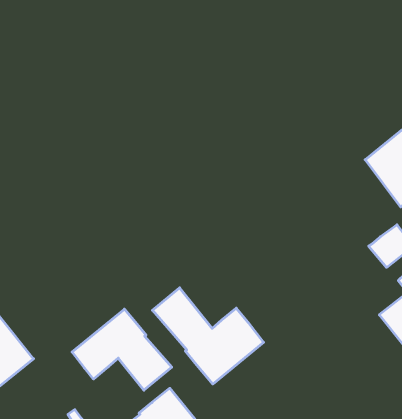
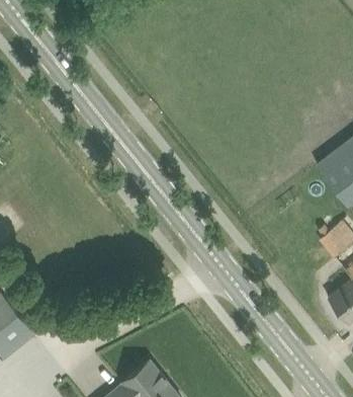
building: [152,288,264,384] -> none
building: [72,309,172,390] -> none

